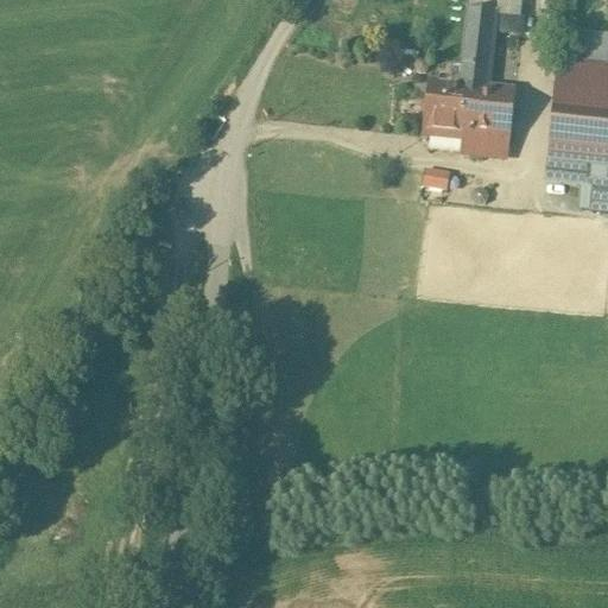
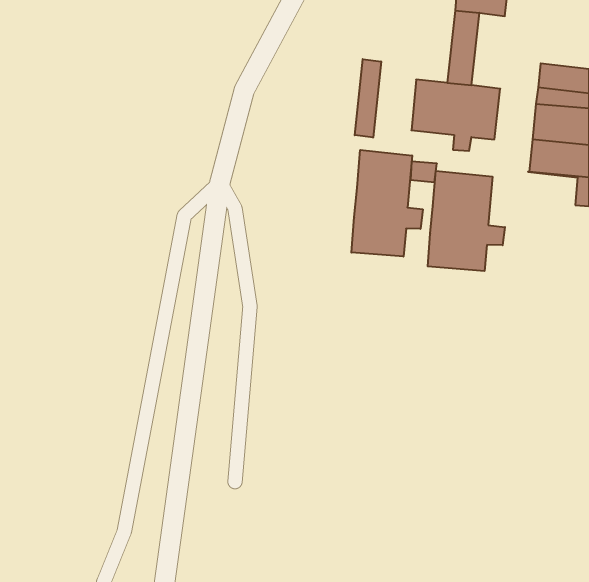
building: none -> [355,59,381,138]
building: none -> [351,150,423,257]
building: none -> [428,171,505,271]

